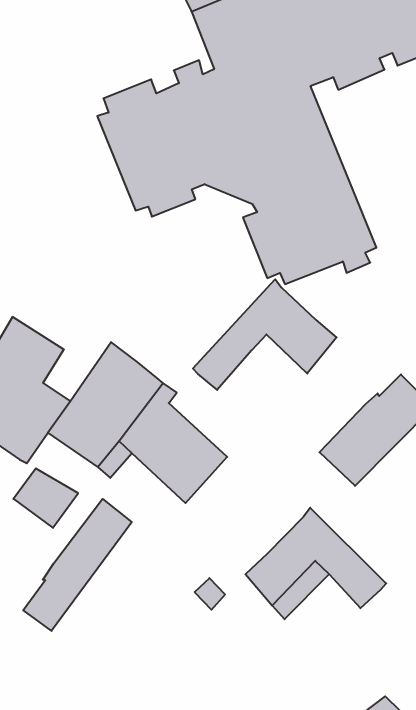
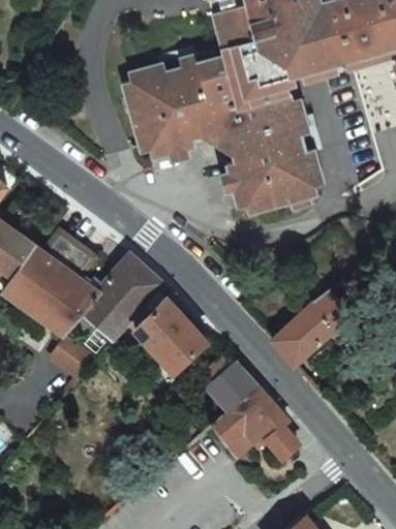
building: [193,279,337,390] -> none
building: none -> [207,353,255,409]
building: [23,499,132,631] -> none

